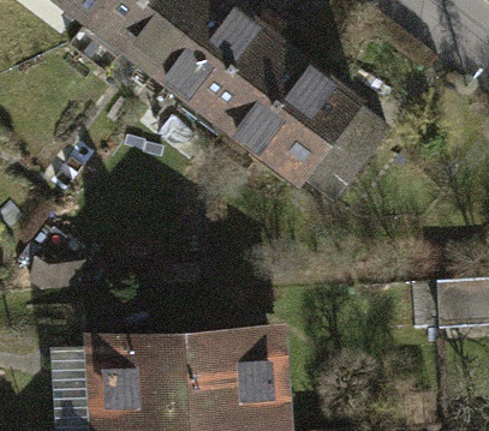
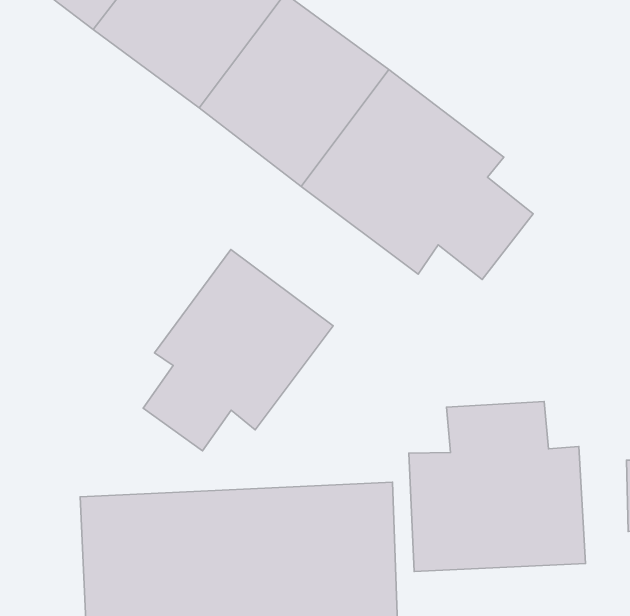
building: none -> [143,249,333,451]
building: none -> [409,402,586,571]

